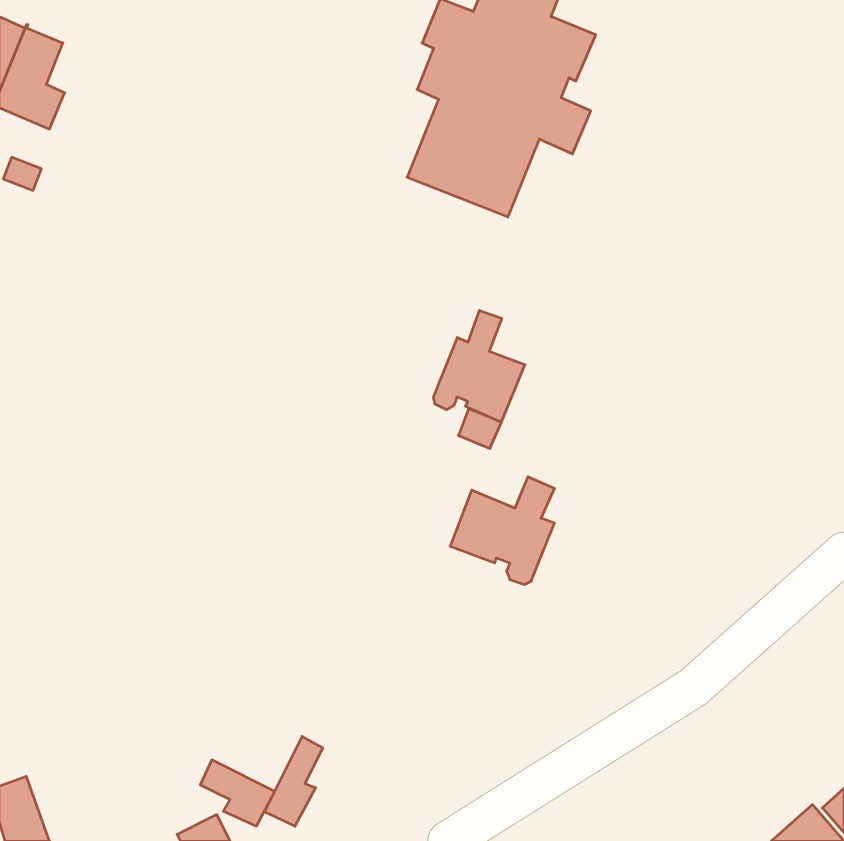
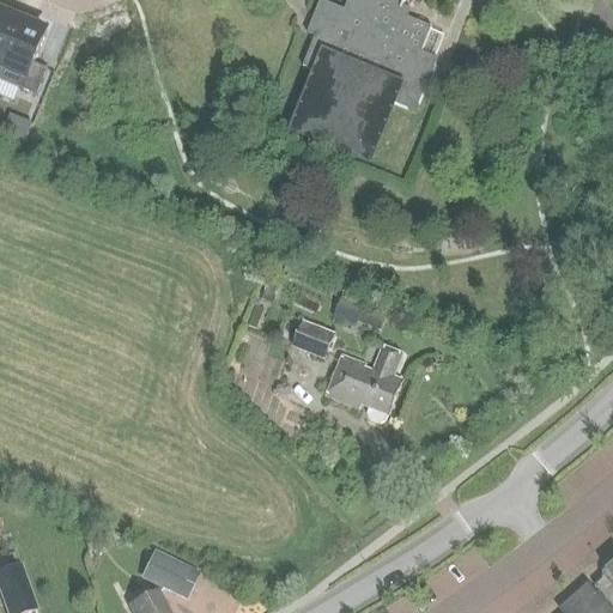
building: [433,310,525,422] -> none
building: none -> [293,321,333,357]
building: [264,736,323,826] -> none

